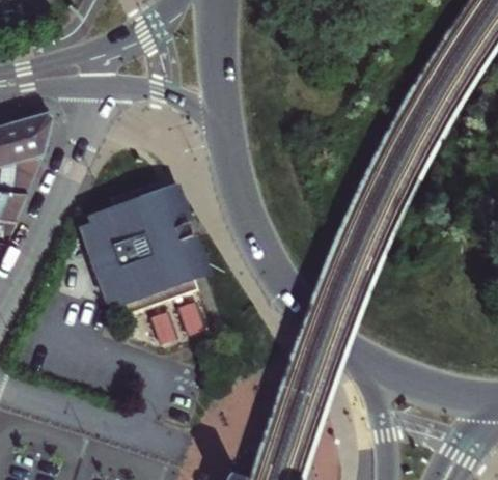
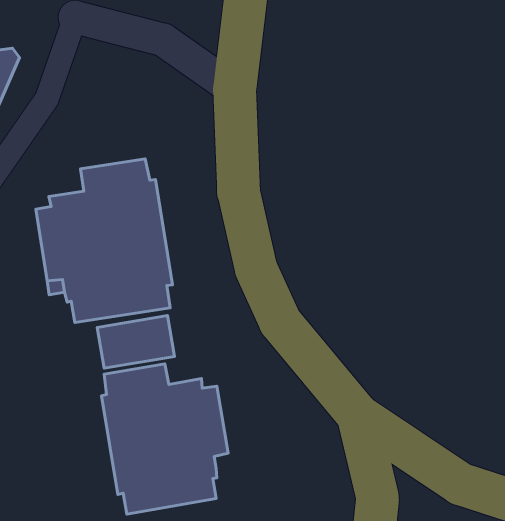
building: none -> [101,364,228,514]

